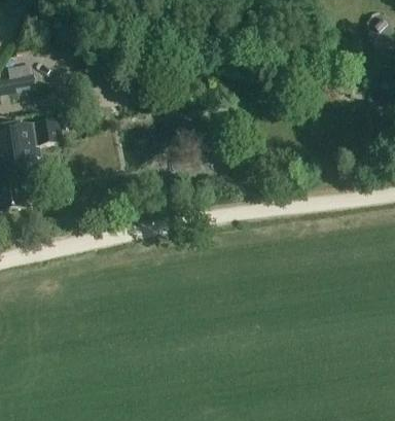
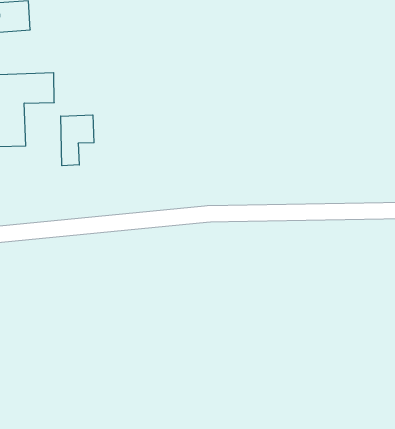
building: none -> [61,115,94,166]

